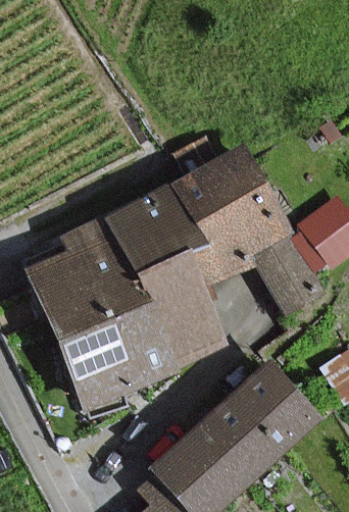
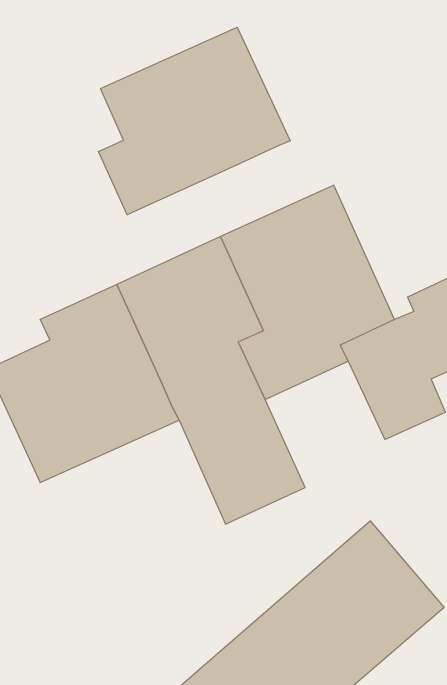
building: none -> [98,27,290,215]
building: [60,300,180,408] -> none

